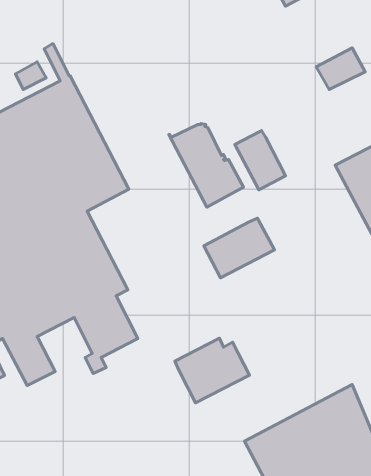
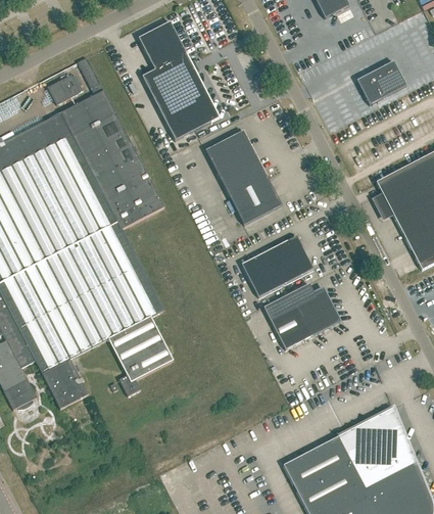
building: none -> [138,20,220,139]
building: [235,130,286,190] -> none
building: [175,338,249,403] -> [263,282,340,348]

